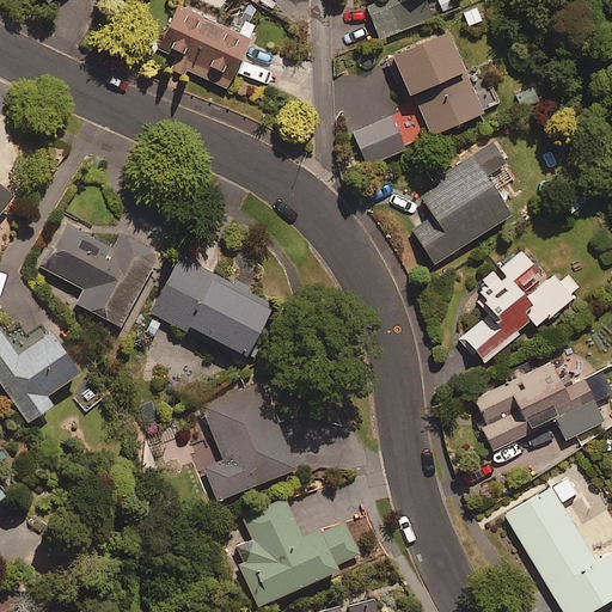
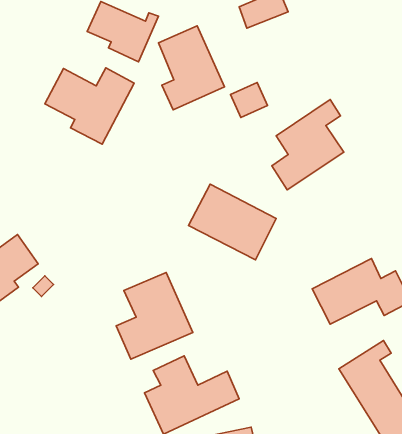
building: [388,29,481,146] -> [158,26,225,110]
building: [44,219,169,325] -> [45,68,134,144]
building: [463,249,571,363] -> none
building: [153,257,275,362] -> [189,184,276,260]

